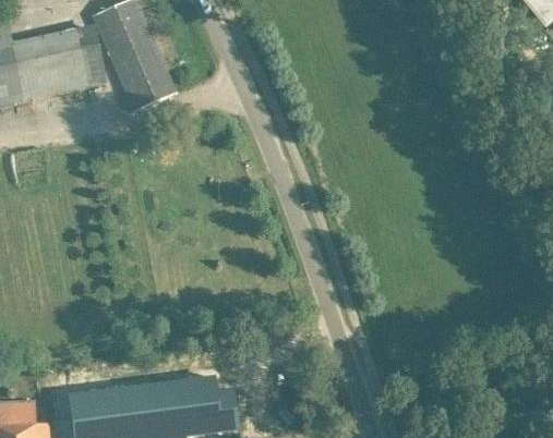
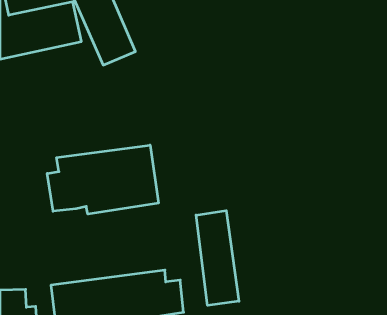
building: none -> [47,145,158,214]
building: none -> [196,211,239,305]

